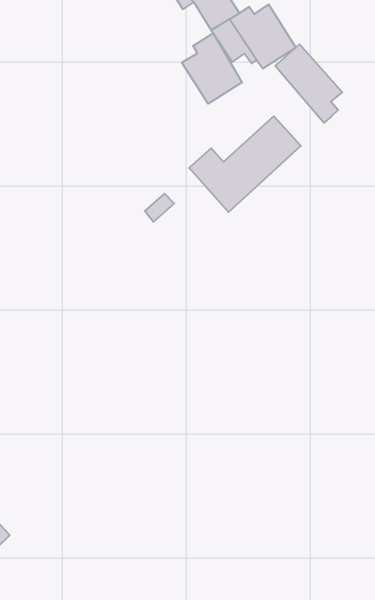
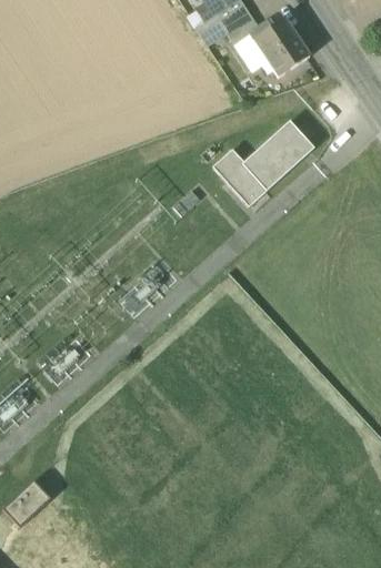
building: [182,33,242,104] -> none
building: [275,44,342,123] -> none

